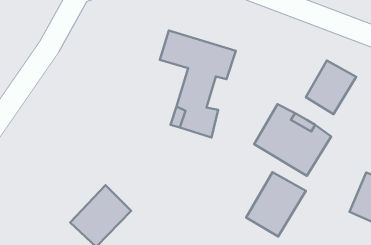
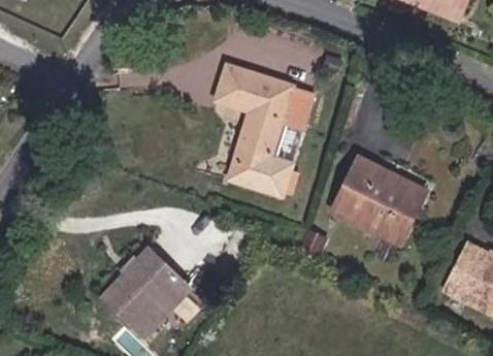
building: [306,60,356,114] -> none
building: [246,172,306,237] -> none

